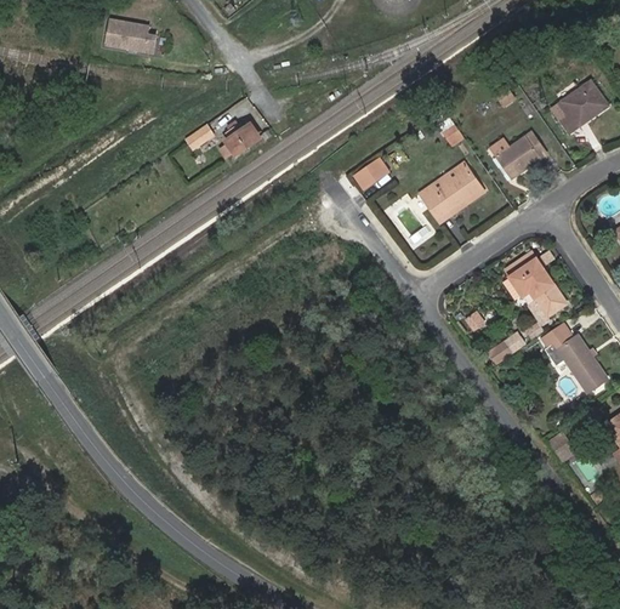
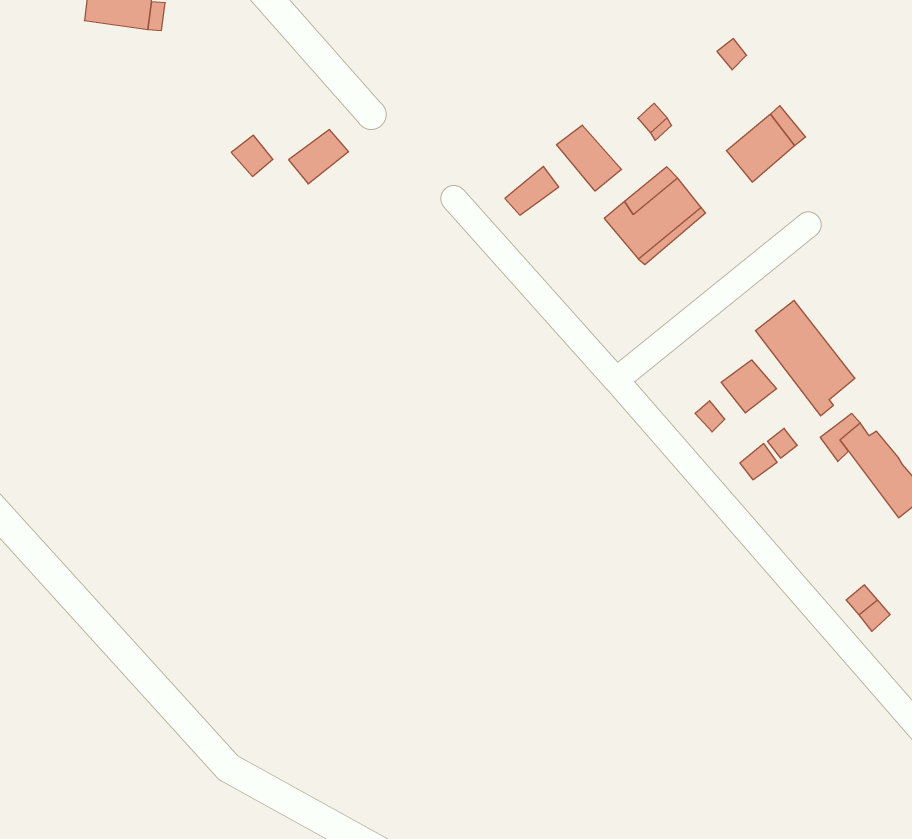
building: [552,79,608,132] -> none
building: none -> [557,125,622,191]
building: none -> [721,360,777,413]

